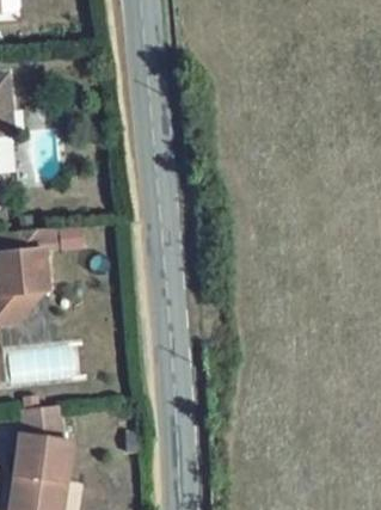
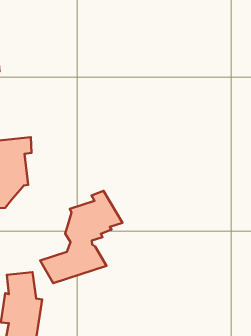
building: none -> [40,191,122,283]

